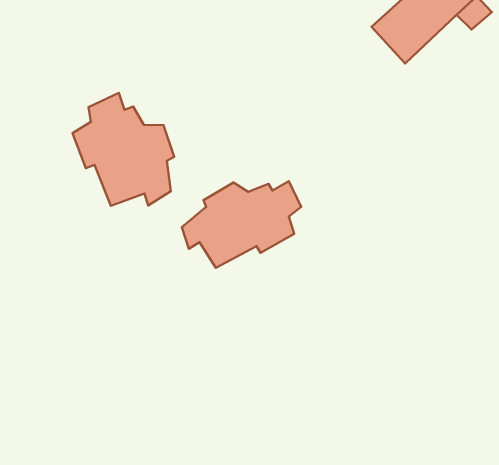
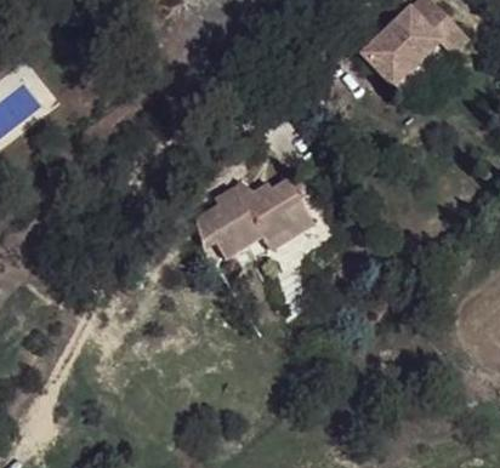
building: [73,93,174,206] -> none

